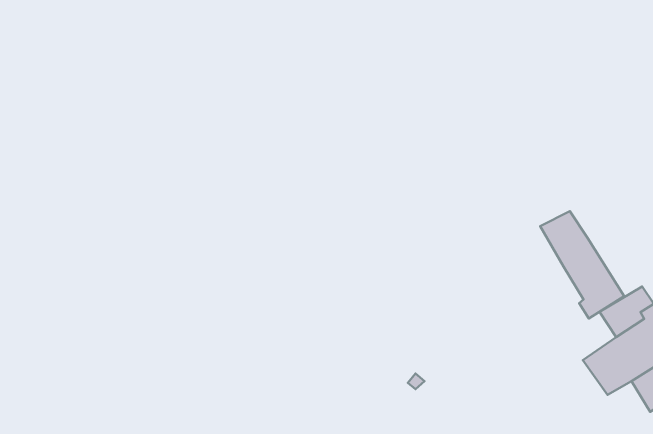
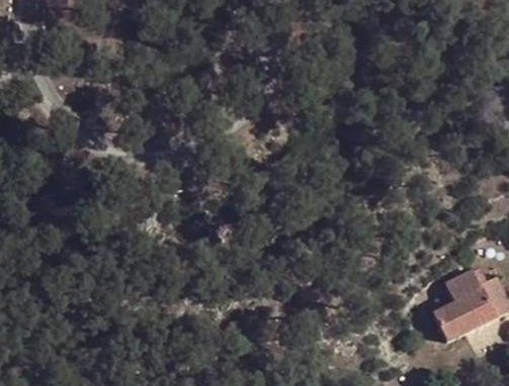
building: [540,211,624,319] -> none

